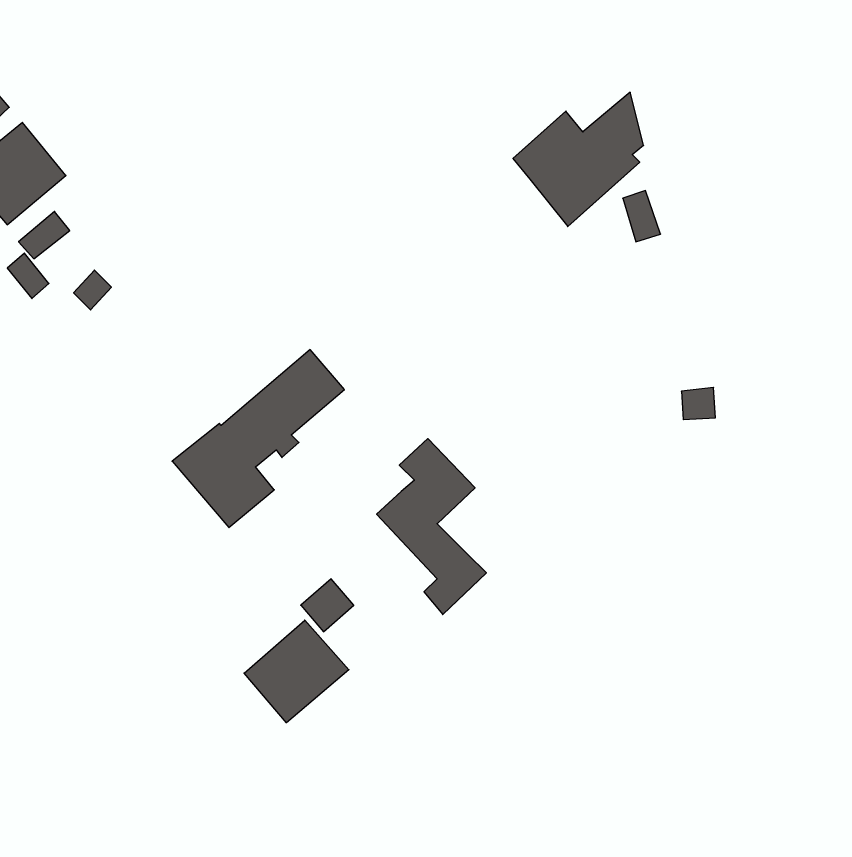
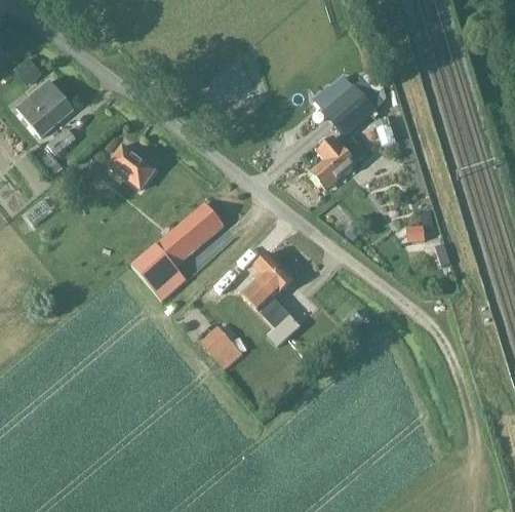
building: none -> [311,135,367,190]
building: none -> [108,144,155,188]
building: [244,620,349,723] -> none

